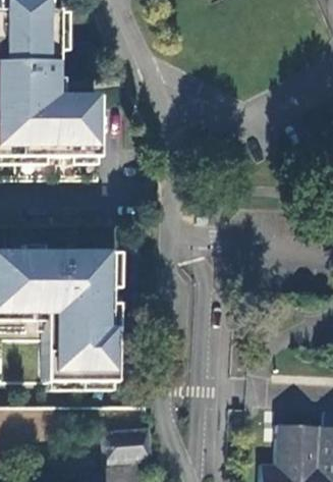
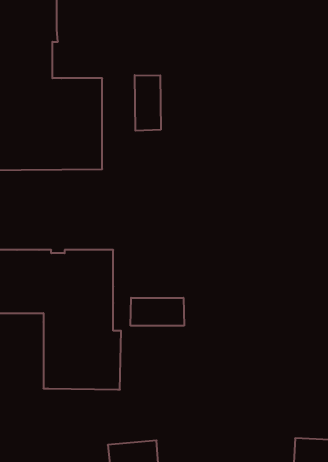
building: none -> [135,75,161,131]
building: none -> [131,298,184,326]

